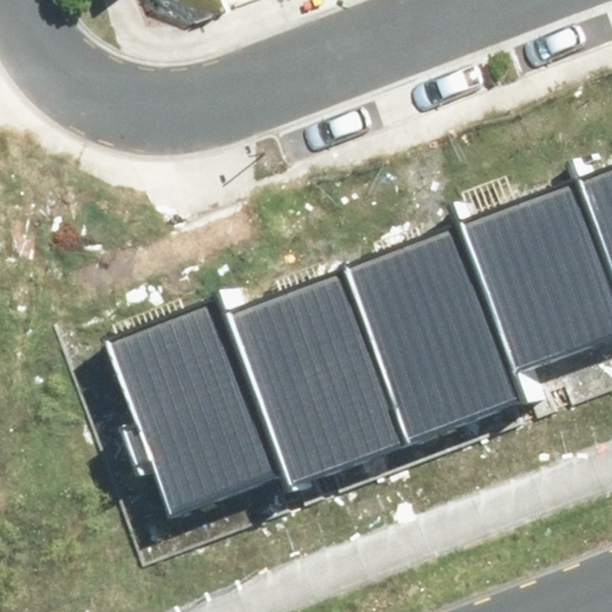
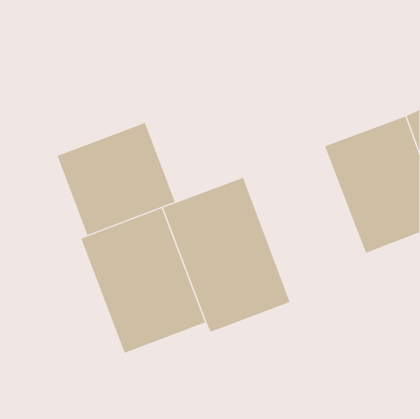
building: none -> [57,122,176,236]
building: [347,222,530,445] -> none

